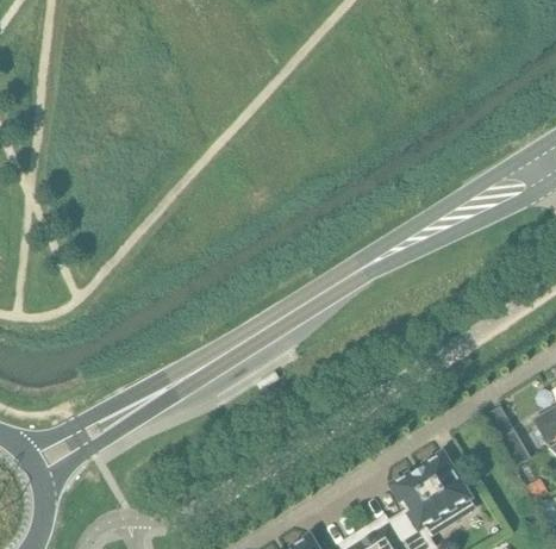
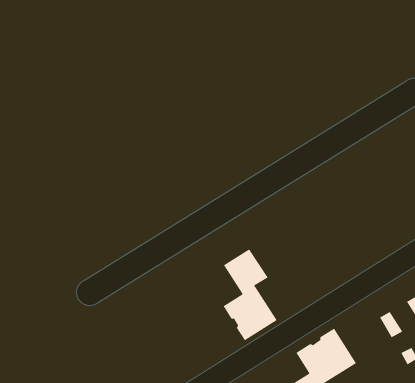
building: none -> [223,248,277,341]

